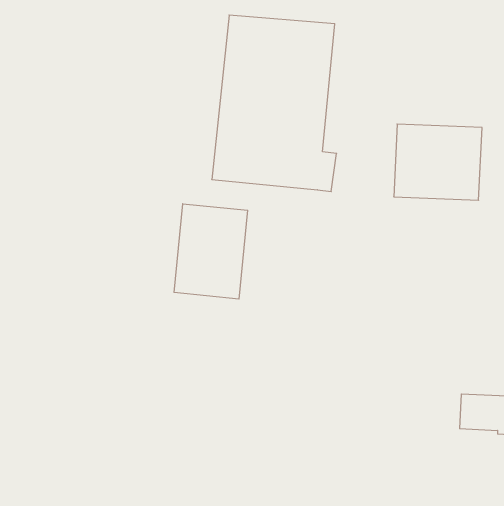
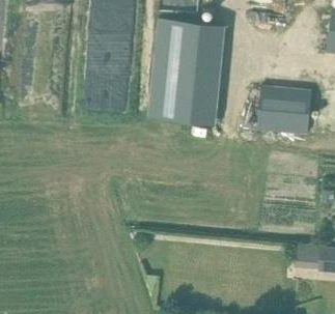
building: [174,204,248,299] -> none

